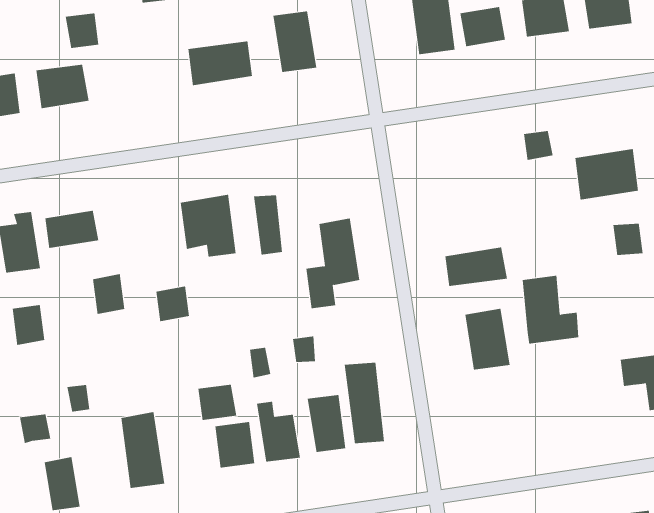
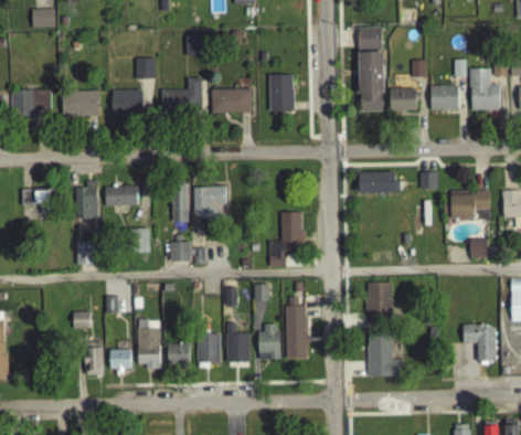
building: none -> [162,78,203,112]
building: [253,195,283,255] -> [173,183,189,222]
building: [445,247,508,286] -> [360,171,398,192]
building: [522,275,579,344] -> [369,333,403,375]
building: [198,384,237,421] -> [168,343,191,364]
building: none -> [110,349,132,370]

